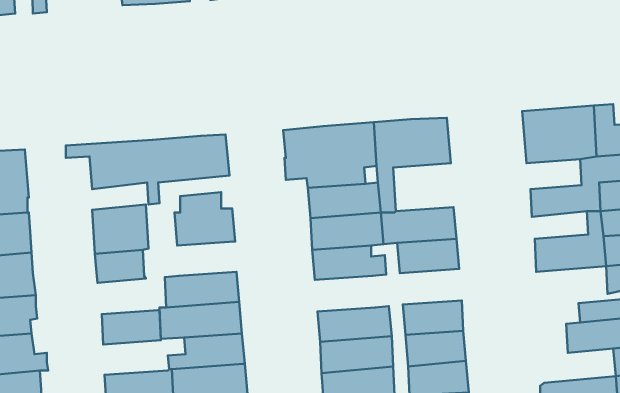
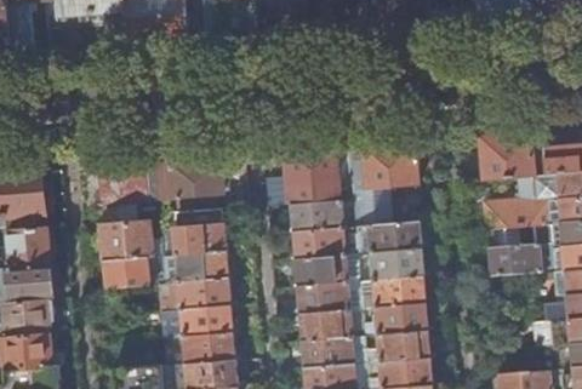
building: none -> [360,274,427,307]
building: none -> [297,280,350,311]
building: [102,310,161,344] -> [176,250,228,280]

